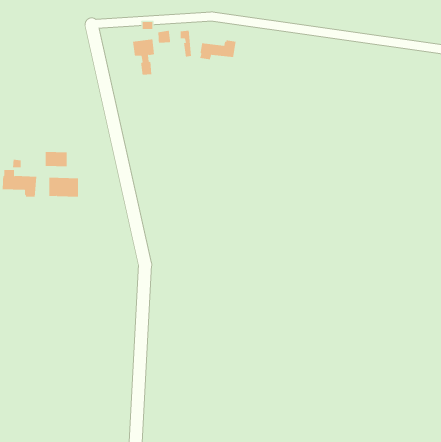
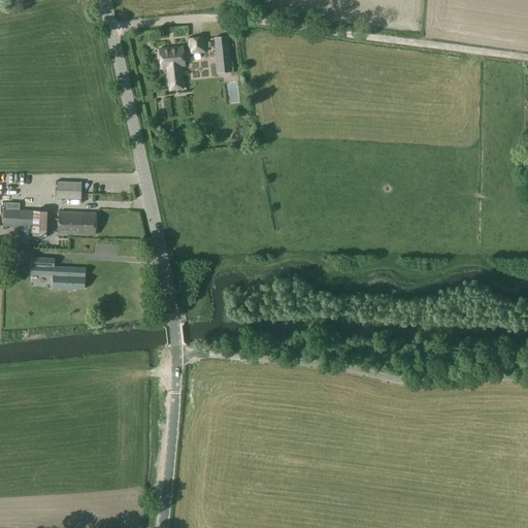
building: [199,40,236,60] -> none
building: none -> [29,257,85,289]

